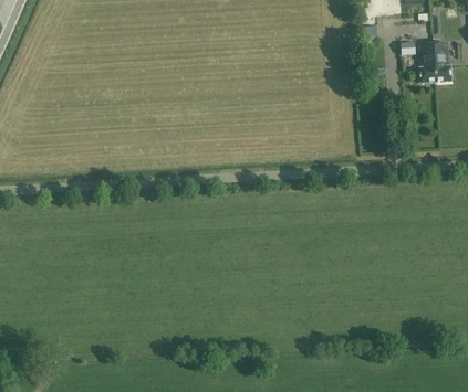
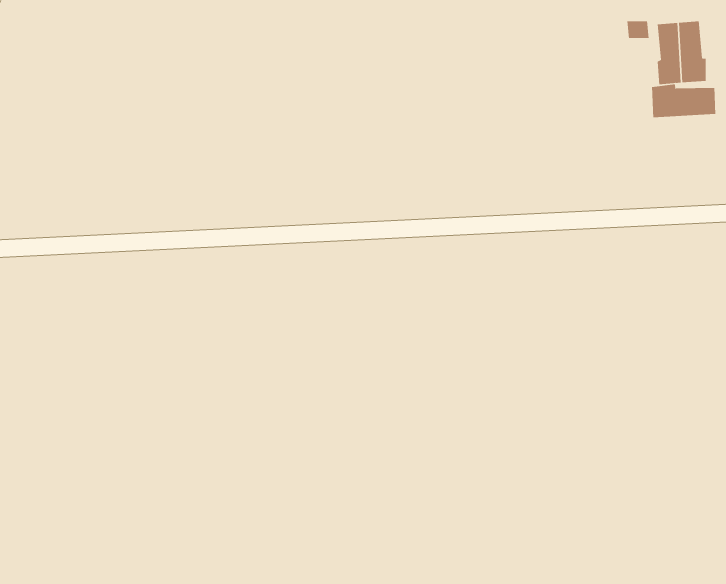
building: none -> [651,83,716,118]

